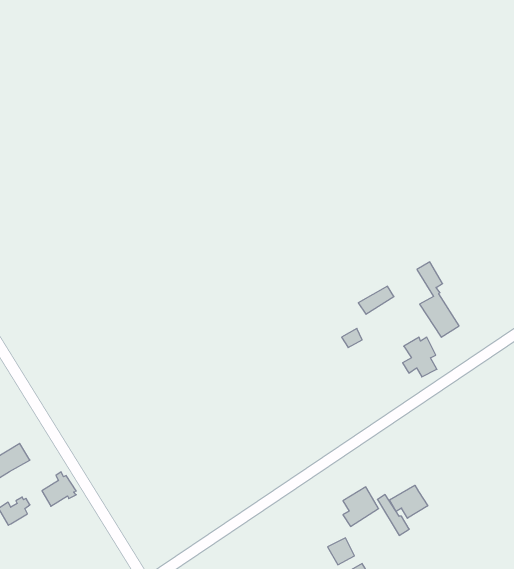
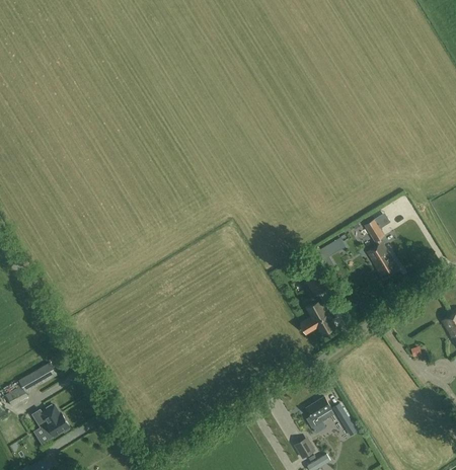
building: [403,337,437,377] -> [307,302,334,333]
building: [42,472,76,506] -> [43,411,70,439]
building: [390,485,428,518] -> none

